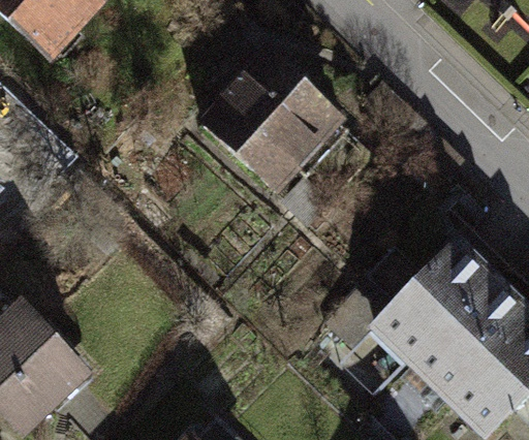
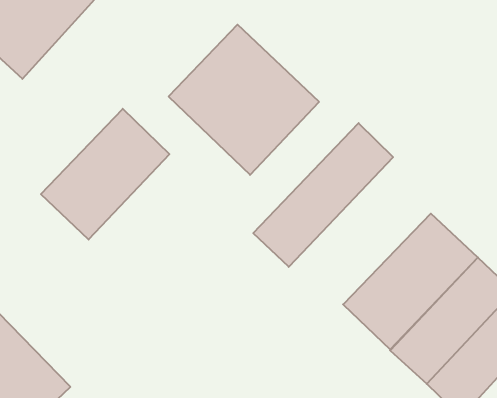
building: none -> [41,109,169,240]
building: none -> [253,123,393,267]

